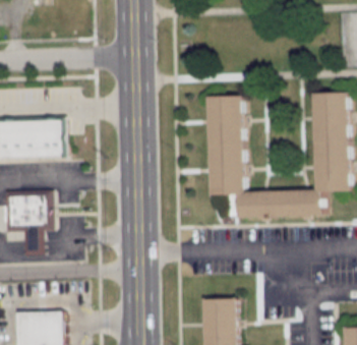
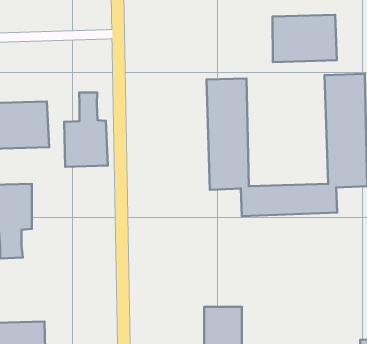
building: none -> [272,15,337,62]
building: none -> [64,92,108,167]

